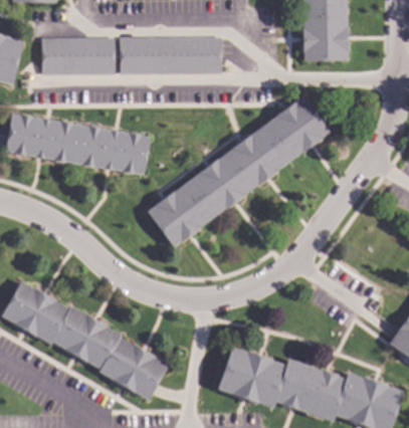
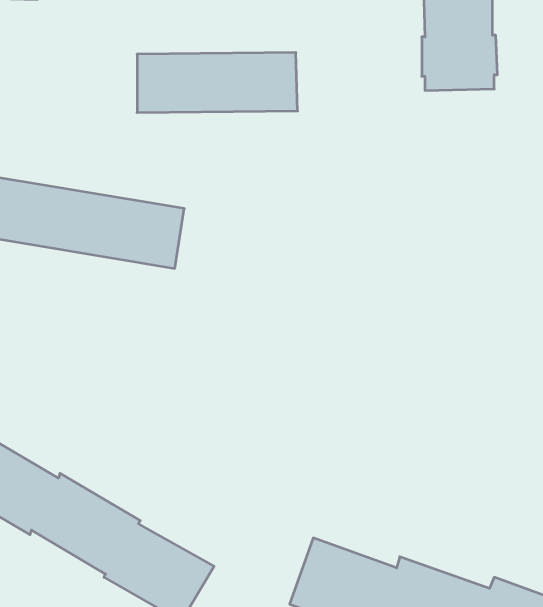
building: [43,38,116,75] -> none
building: [148,96,331,247] -> none

